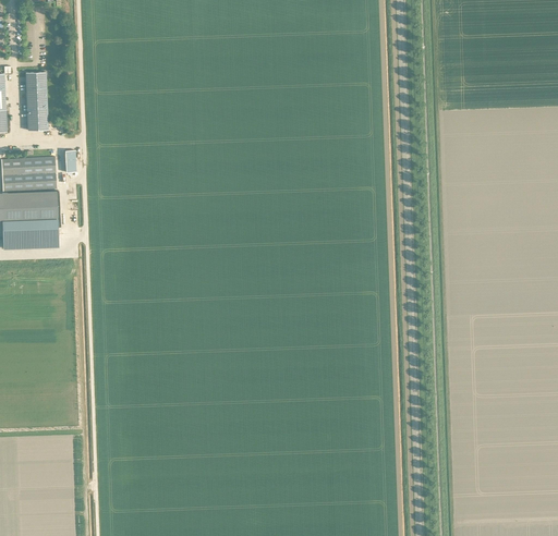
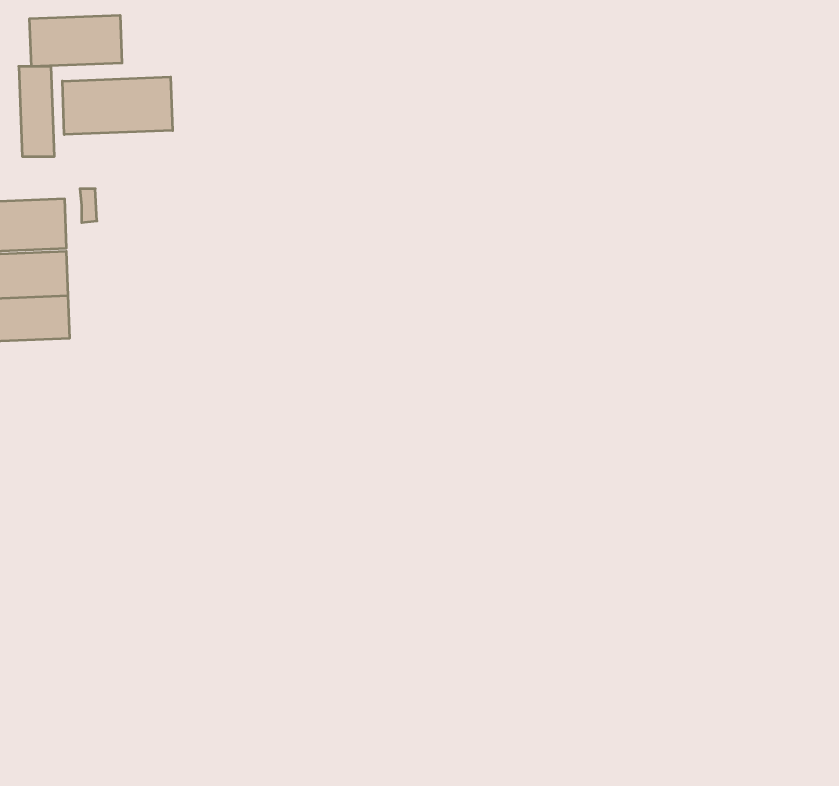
building: none -> [30,15,122,66]
building: none -> [62,77,173,135]

